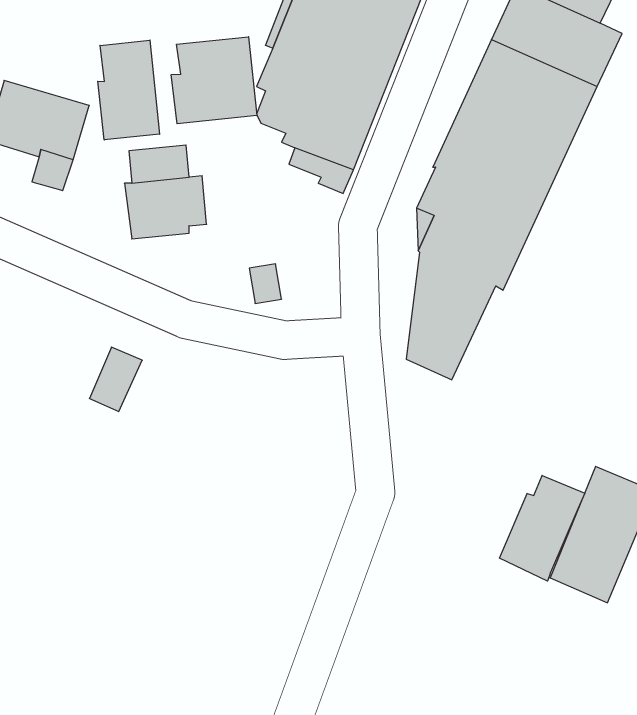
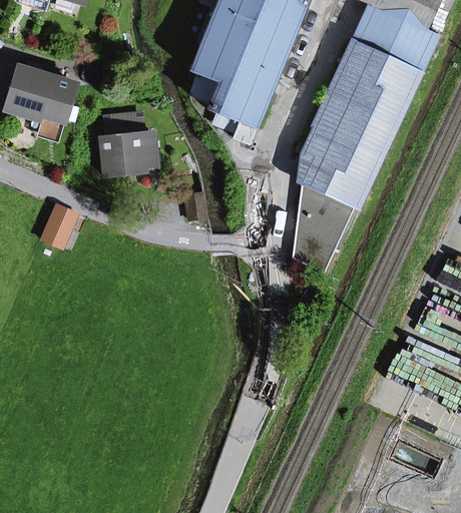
building: [171,37,257,124] -> none
building: [98,40,160,140] -> none
building: [89,347,142,412] -> [43,202,79,246]
building: [499,475,585,581] -> none

